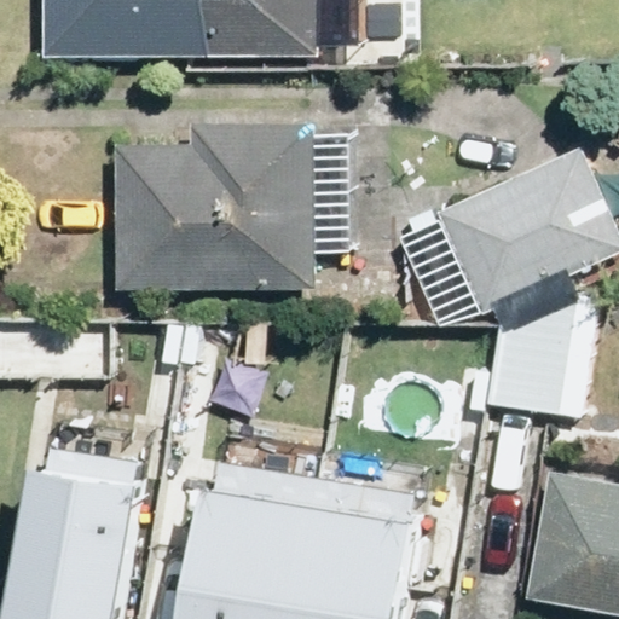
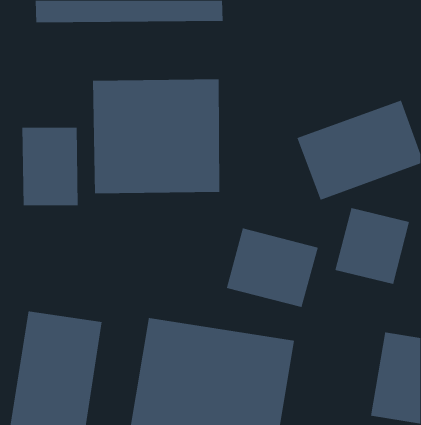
building: none -> [22,127,78,206]
building: none -> [226,228,318,308]

